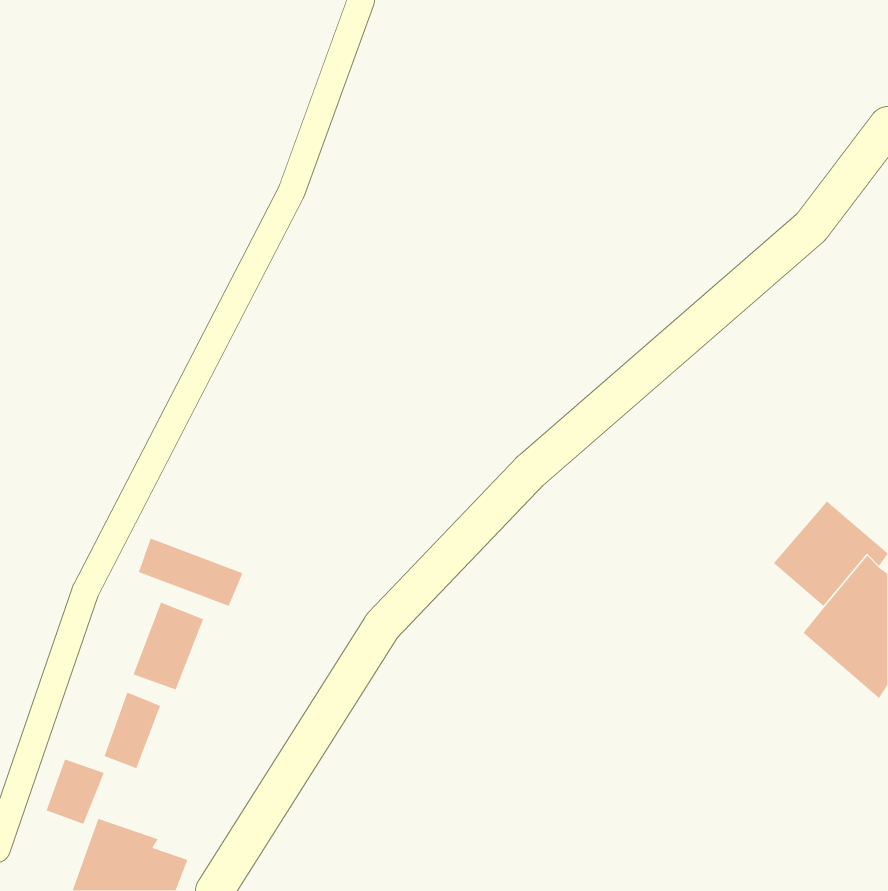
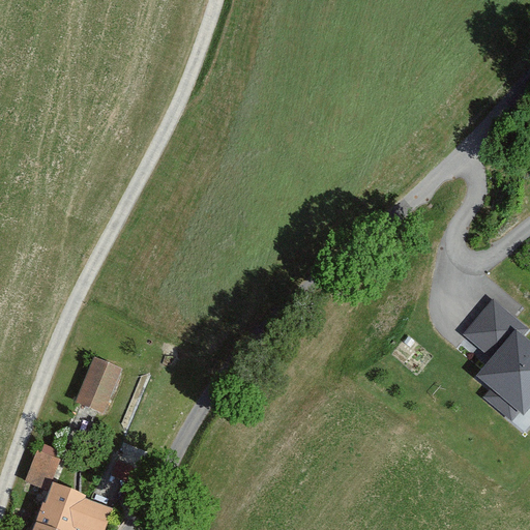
building: [138,537,243,607] -> none
building: [103,691,161,769] -> none

